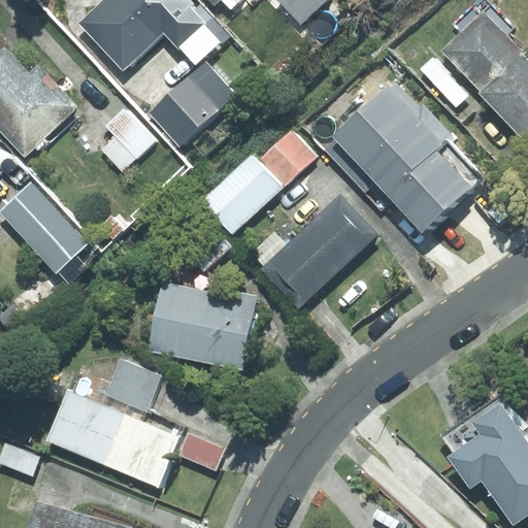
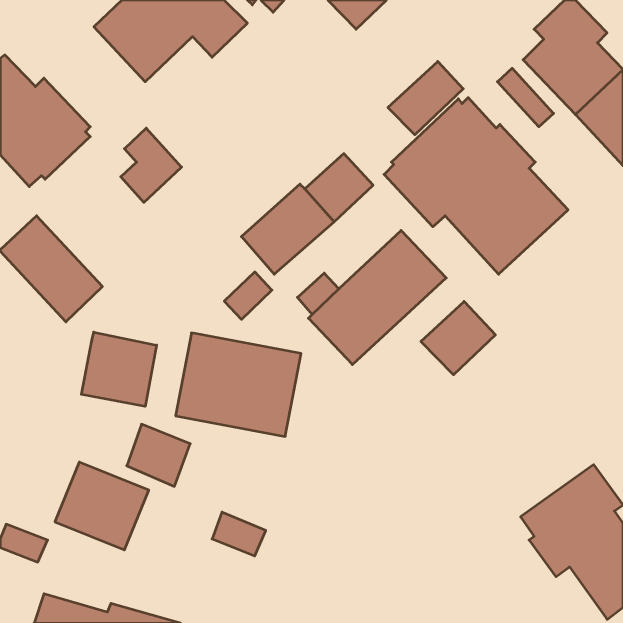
building: none -> [388,61,463,135]
building: [148,62,235,146] -> none
building: none -> [421,301,495,375]
building: none -> [81,332,157,406]
building: [105,415,179,488] -> none

